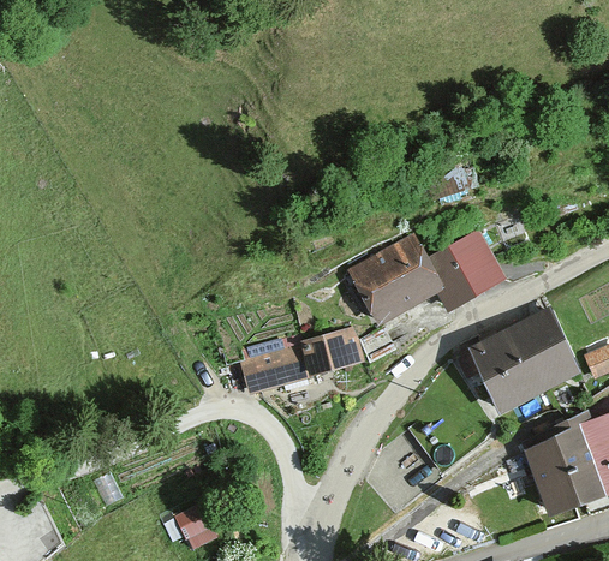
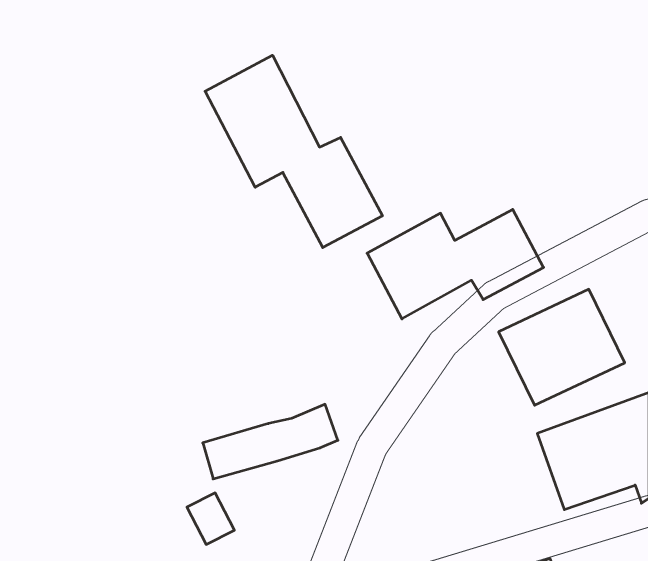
building: none -> [205,55,382,248]
building: [239,327,365,396] -> [203,404,338,479]

